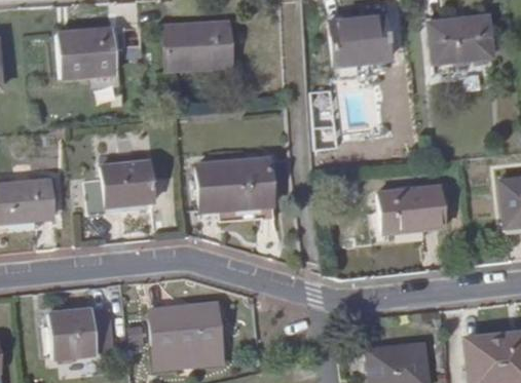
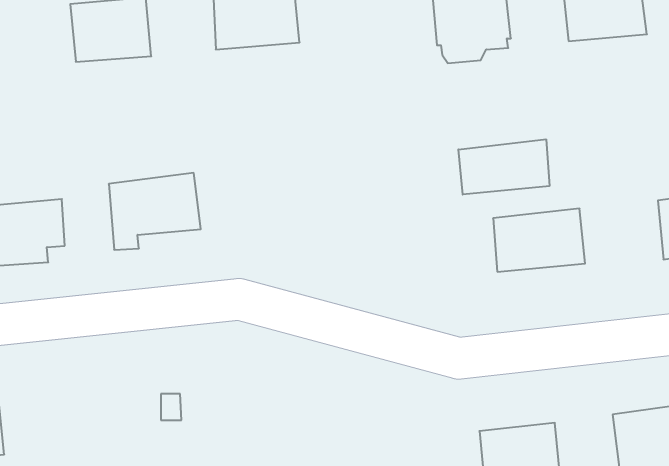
building: none -> [458,139,549,195]
building: [197,158,267,222] -> none
building: [152,302,224,368] -> none
building: [50,308,98,355] -> none

